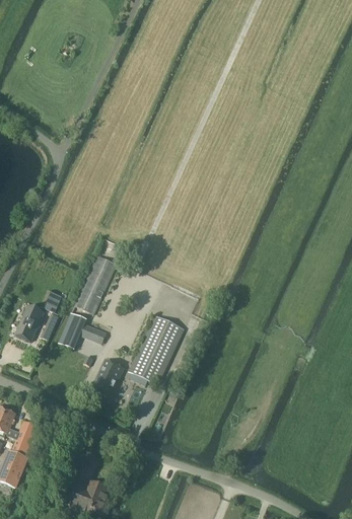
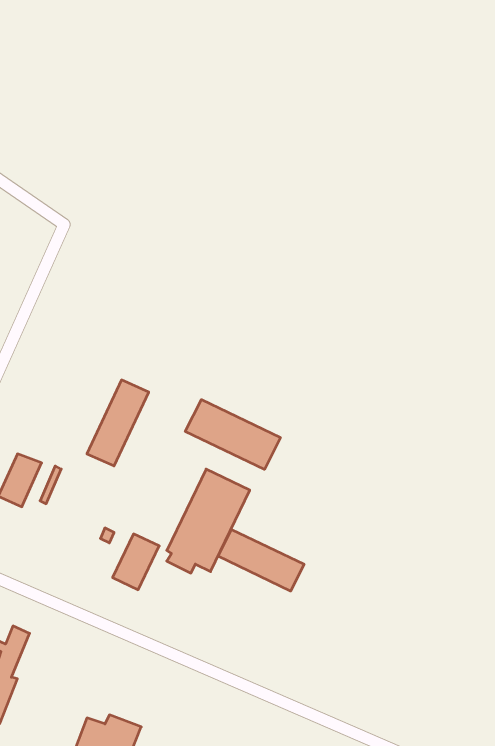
building: none -> [185,400,280,469]
building: [60,312,107,349] -> none
building: none -> [218,529,304,591]

